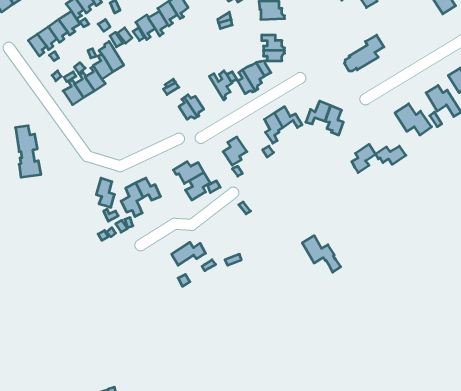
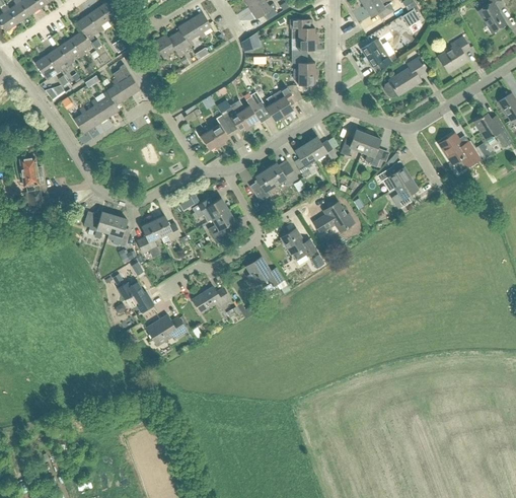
building: none -> [438,37,469,72]
building: none -> [291,39,317,57]
building: none -> [360,40,396,71]
building: none -> [221,102,250,132]
building: none -> [265,162,297,186]
building: [376,146,406,164] -> [377,167,411,188]
building: none -> [313,201,355,233]
building: none -> [84,211,115,237]
building: none -> [247,257,285,288]
building: [302,236,341,272] -> [282,228,324,269]
building: none -> [118,281,154,311]
building: none -> [146,314,187,345]

